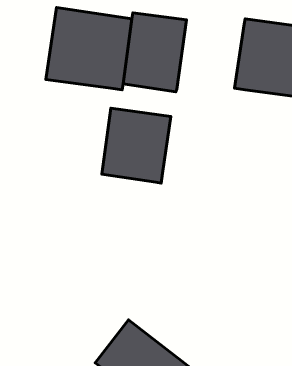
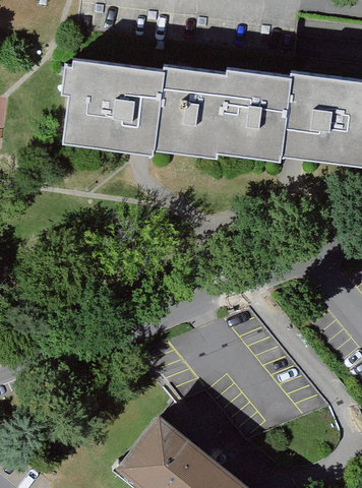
building: none -> [213,69,291,163]
building: [102,108,171,183] -> none

